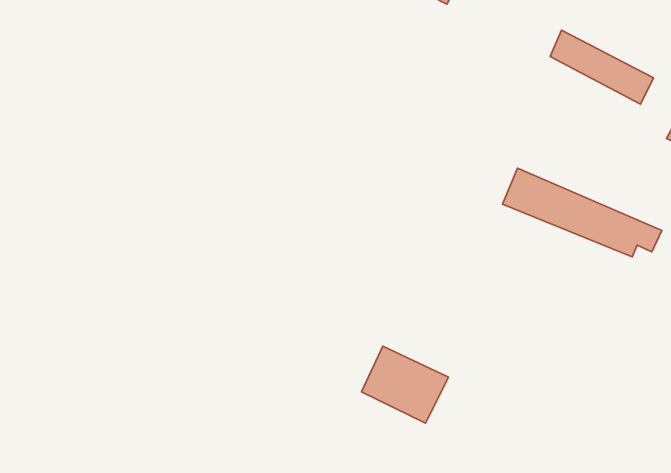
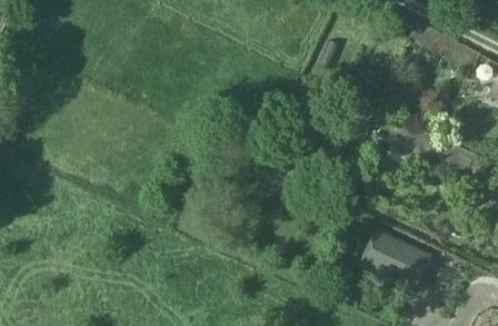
building: [362,346,449,423] -> [367,235,426,287]

